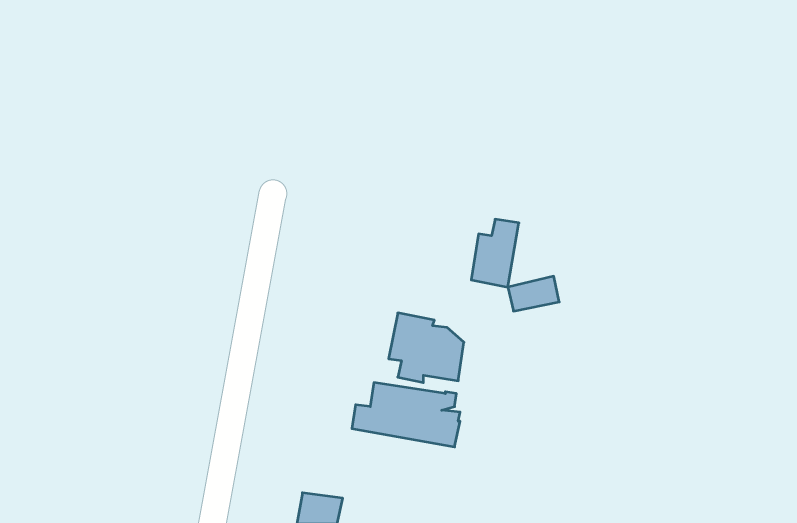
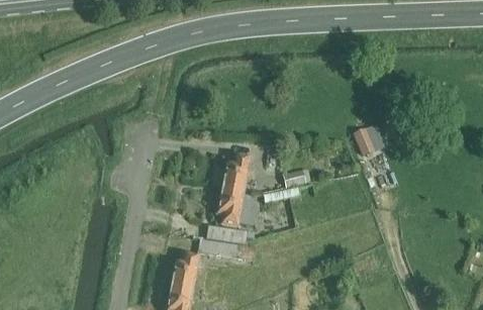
building: none -> [353,122,386,154]
building: [471,219,519,287] -> [222,153,249,191]
building: none -> [170,251,204,289]

